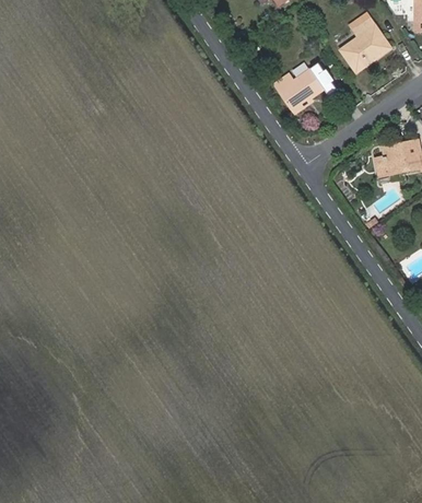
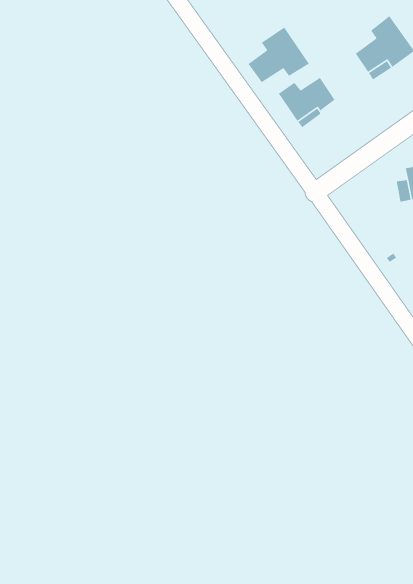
building: none -> [247,26,310,83]

